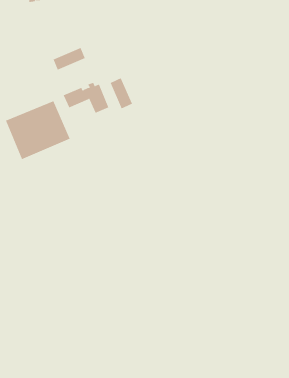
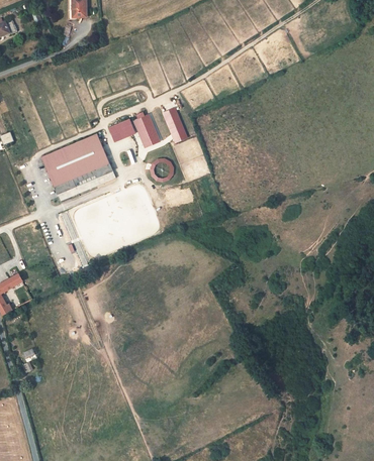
building: [53,47,86,71] -> none

